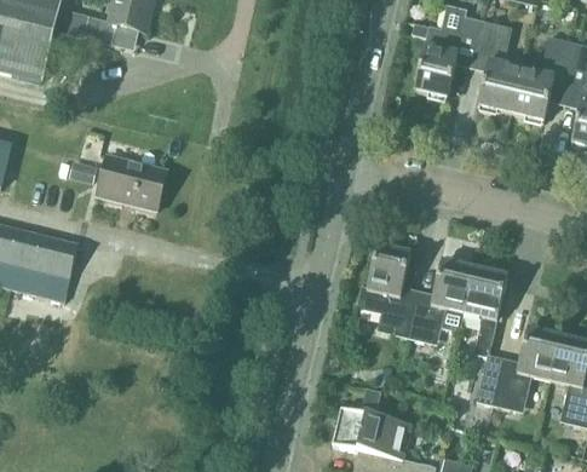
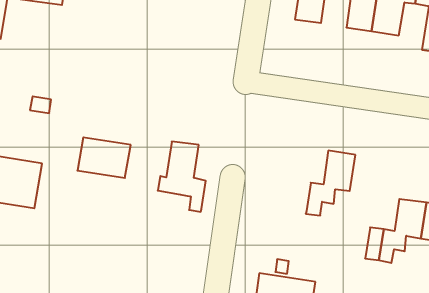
building: [97,155,167,211] -> [77,137,131,178]
building: [355,244,416,336] -> [158,142,206,212]
building: [465,267,507,338] -> none

